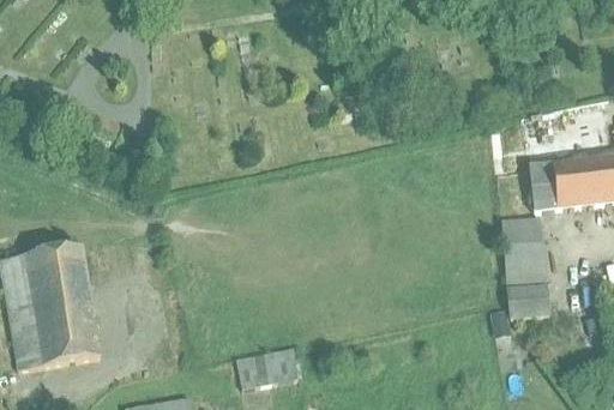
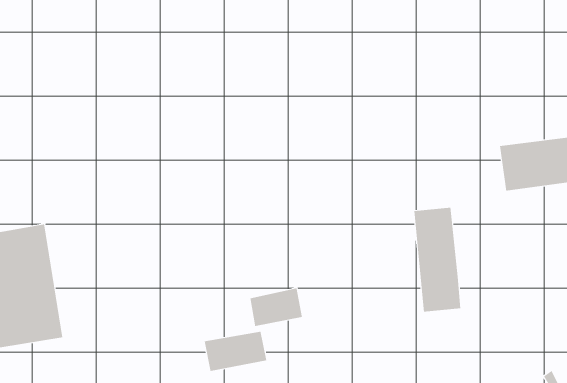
building: [500,213,547,316] -> [413,207,461,312]
building: none -> [250,288,303,327]

